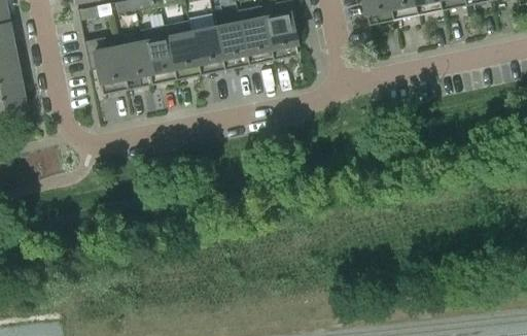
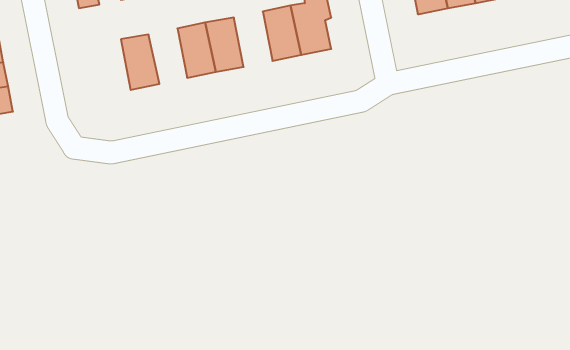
building: [214,21,247,68] -> none
building: [83,35,126,92] -> none
building: [141,35,174,82] -> none

